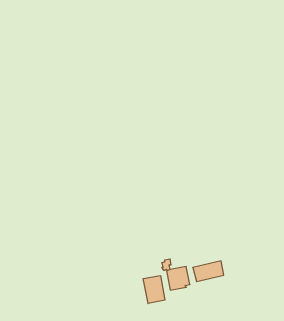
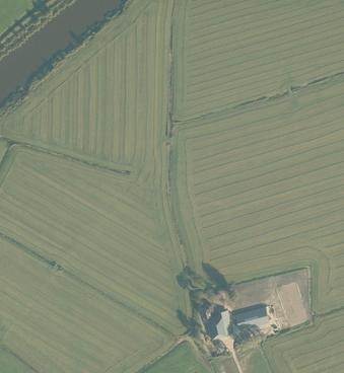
building: [143,276,165,304] -> none

